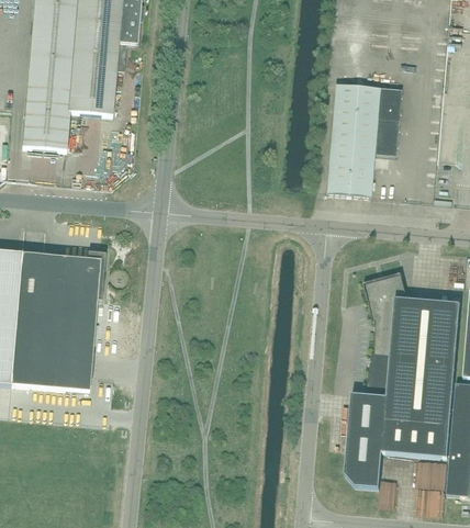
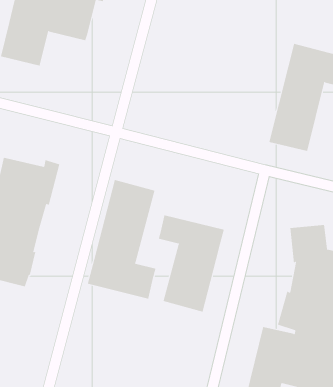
building: none -> [87,179,156,300]
building: none -> [158,214,225,312]

